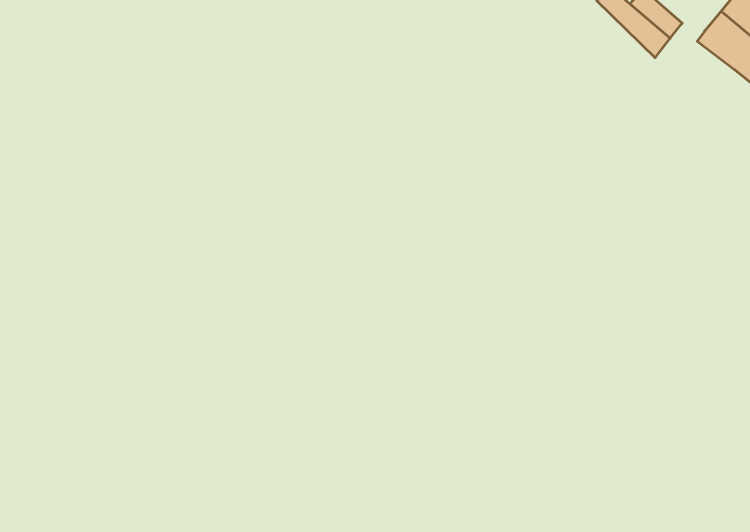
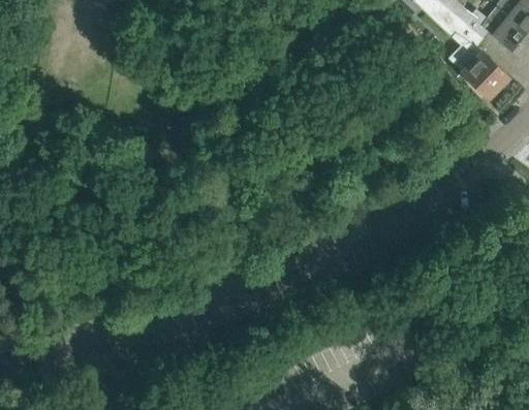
building: none -> [465,52,517,102]

